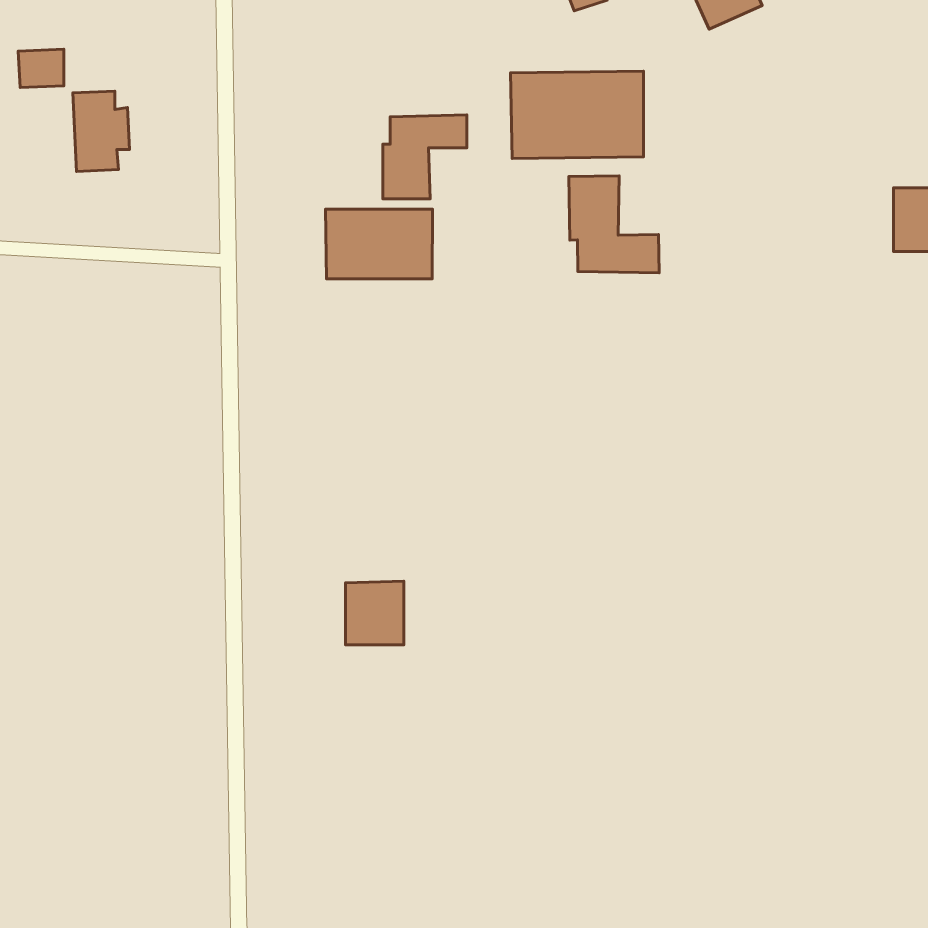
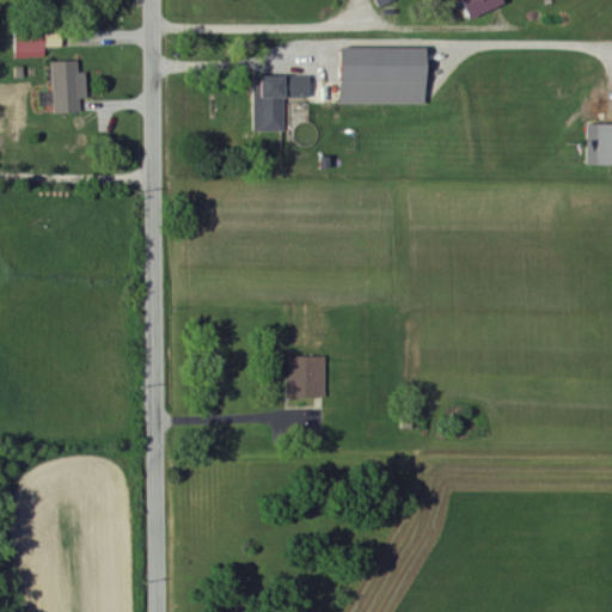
building: [569,176,659,273] -> none
building: [325,209,433,279] -> none
building: [345,581,404,645] -> [288,355,326,397]

